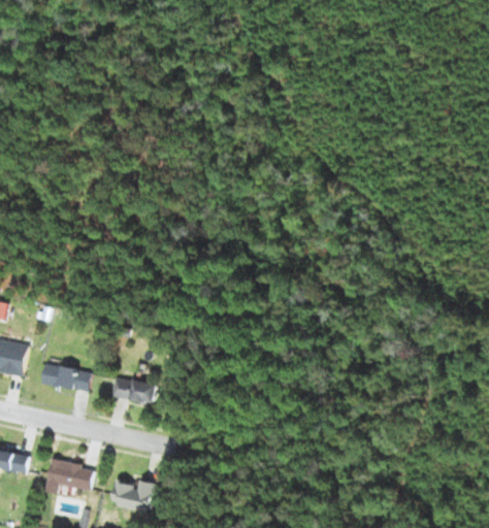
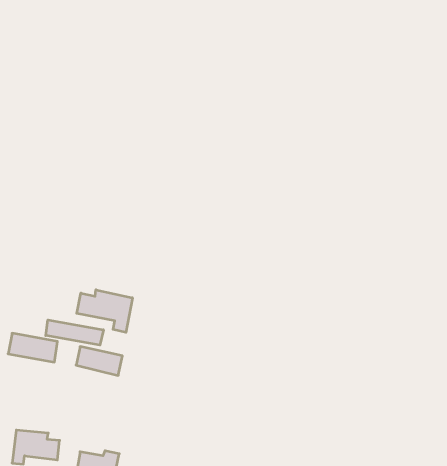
building: none -> [77,290,132,332]
building: none -> [46,320,103,345]

